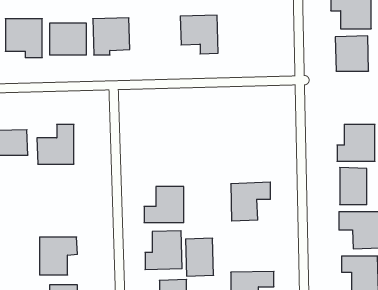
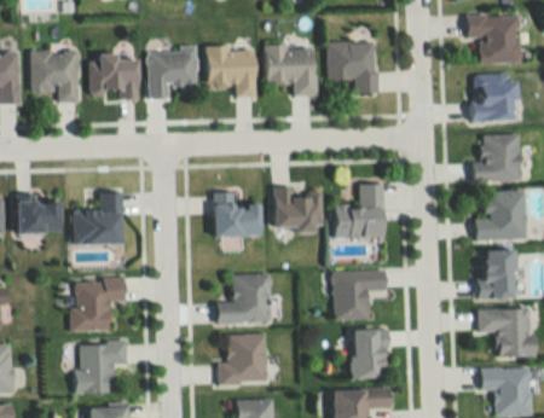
building: none -> [328,42,377,93]
building: none -> [207,47,256,98]
building: none -> [476,134,521,181]
building: none -> [334,182,383,237]
building: none -> [274,186,323,231]
building: none -> [214,192,261,237]
building: none -> [73,278,126,332]
building: [186,238,214,276] -> [351,327,388,378]

